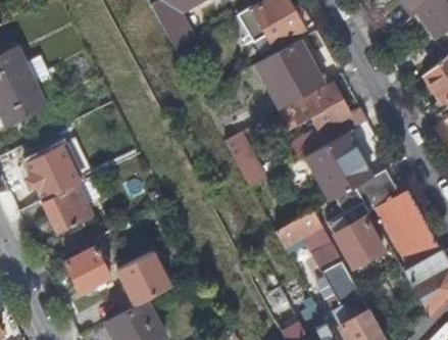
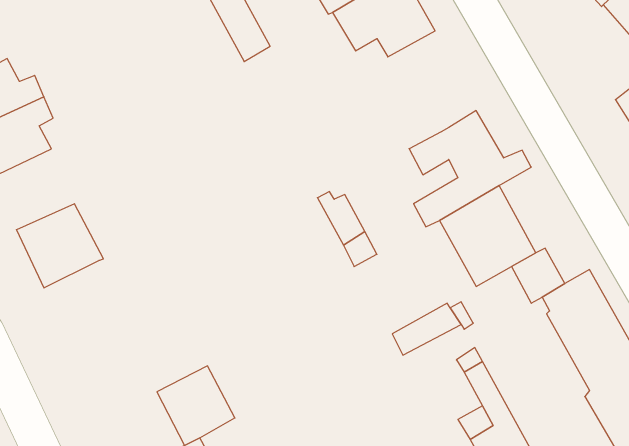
building: [256,41,321,109] -> none
building: [43,182,96,232] -> none
building: [333,215,381,264] -> none
building: [62,239,111,291] -> none

